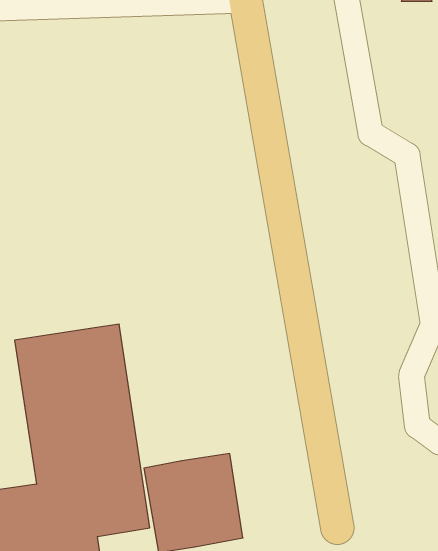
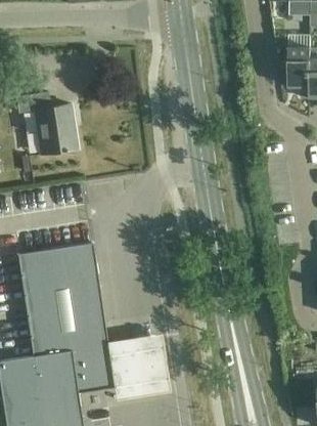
building: none -> [289,47,311,97]
building: none -> [15,92,77,154]

